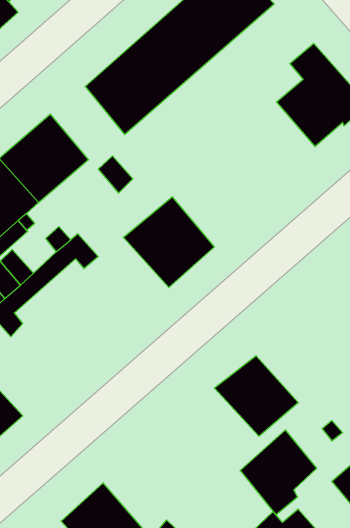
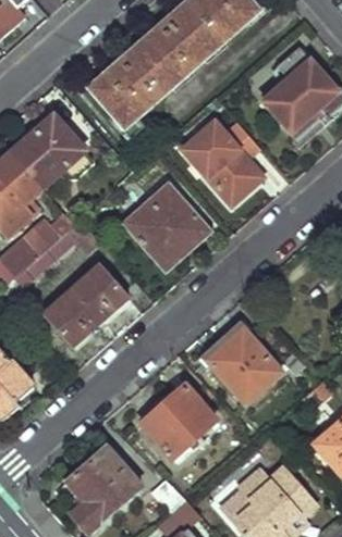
building: none -> [182,118,264,203]
building: none -> [42,262,129,342]
building: [240,430,317,515] -> [143,384,212,461]

